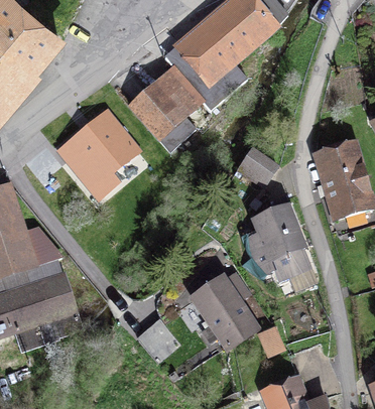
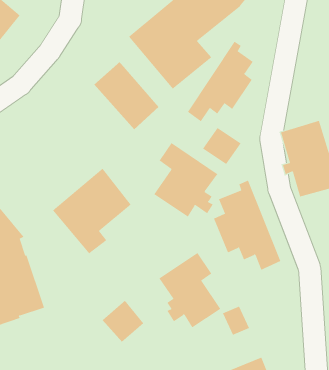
building: none -> [187,41,254,122]
building: [60,109,139,194] -> [52,168,131,254]
building: none -> [153,142,218,217]

